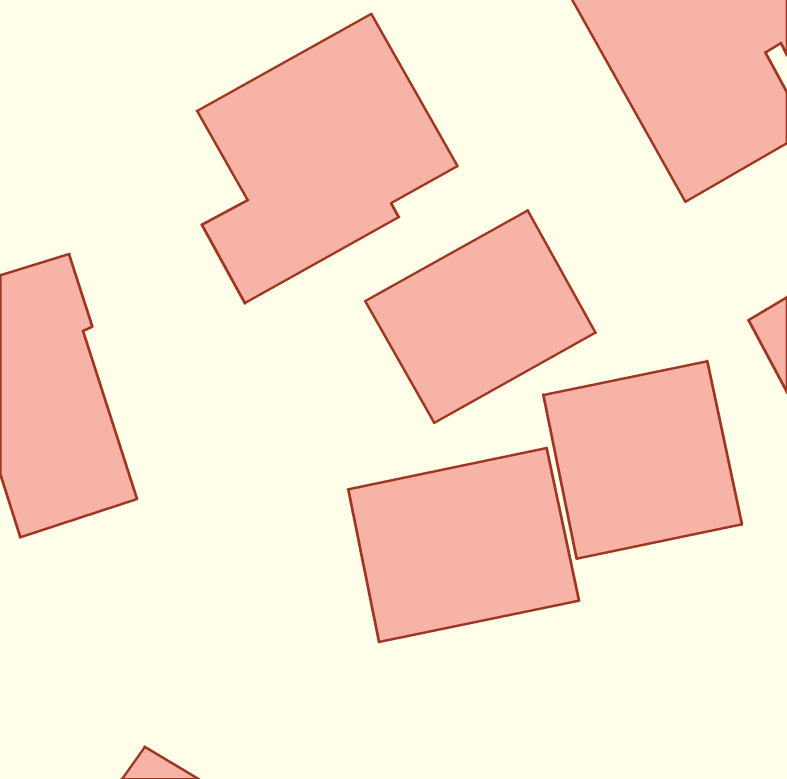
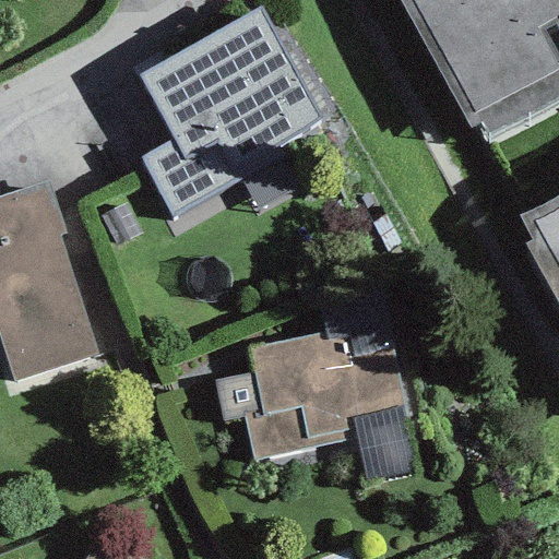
building: [365,210,596,423] -> none
building: [543,361,742,559] -> none

